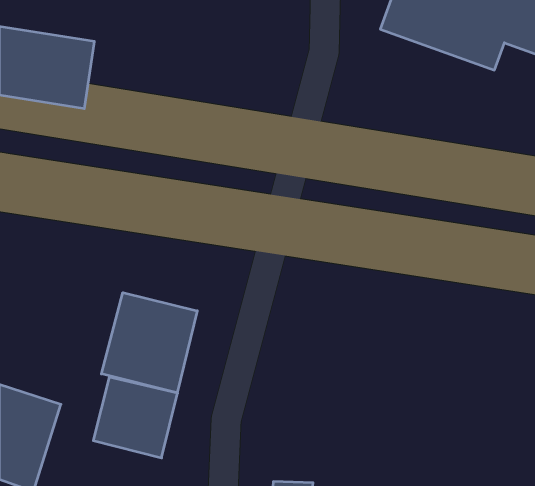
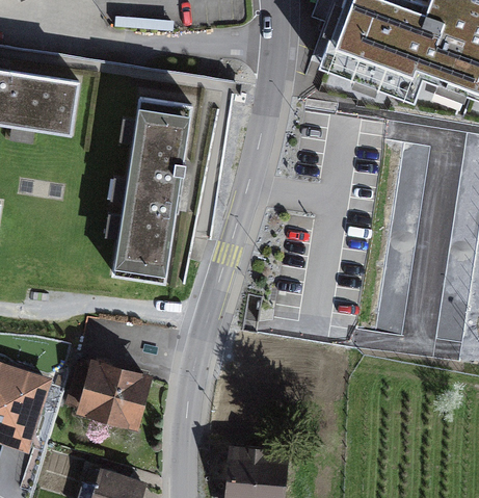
building: none -> [110,99,192,284]
building: [101,293,197,393] -> none

